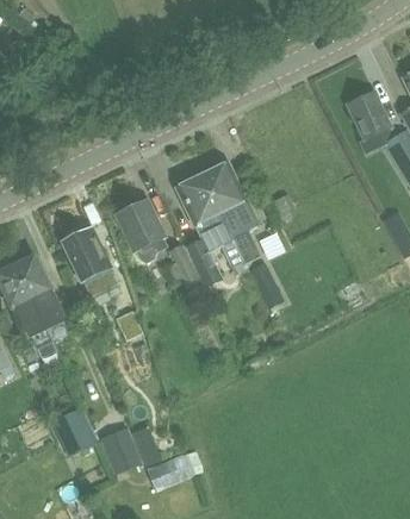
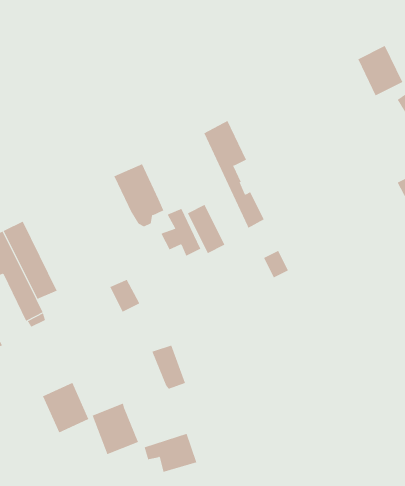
building: [174,173,243,265] -> none
building: [64,227,117,289] -> none
building: [129,424,161,465] -> [151,345,186,390]

